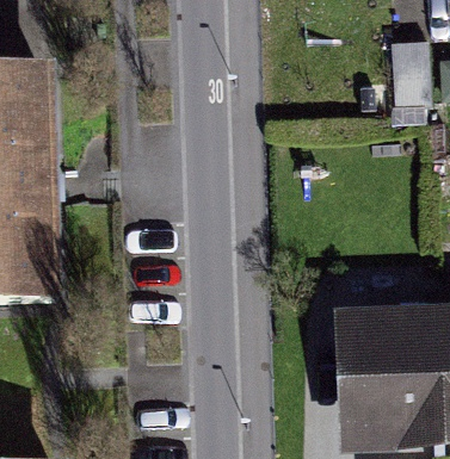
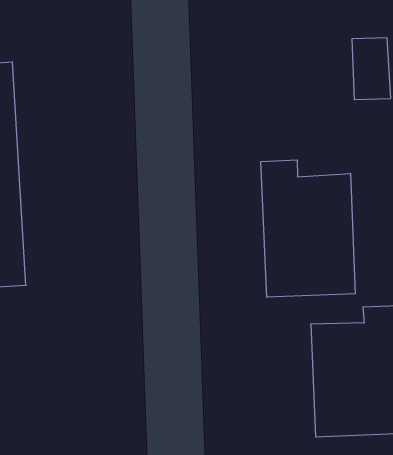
building: none -> [261,160,355,297]

